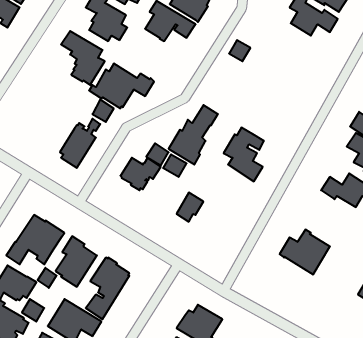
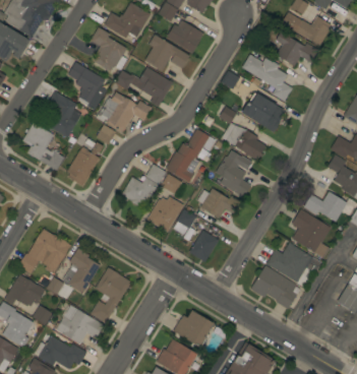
building: none -> [242,54,293,102]
building: none -> [115,67,174,107]
building: none -> [48,91,81,137]
building: none -> [242,92,285,132]
building: none -> [220,106,266,161]
building: none -> [22,122,65,170]
building: none -> [197,188,241,219]
building: none -> [147,196,184,232]
building: none -> [292,208,332,258]
building: none -> [189,230,219,262]
building: none -> [251,265,301,309]

